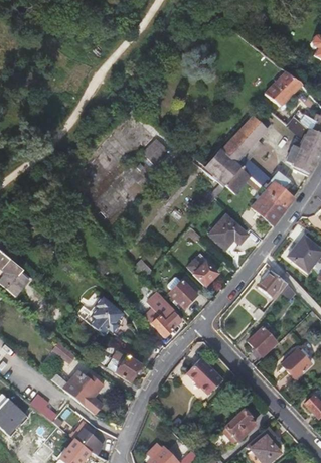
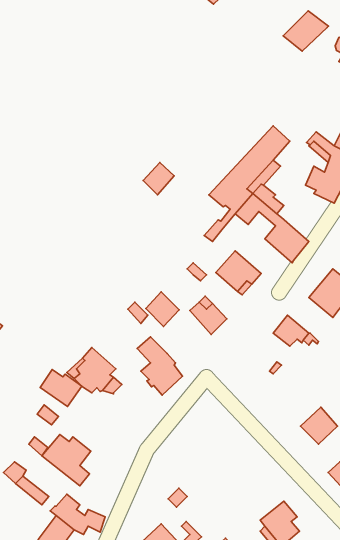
building: [265,70,303,105] -> [283,11,328,51]
building: [265,170,295,207] -> none
building: [169,279,197,308] -> [146,292,179,326]
building: [248,326,277,356] -> none
building: [107,351,142,382] -> [40,370,82,407]
building: [186,358,222,395] -> none
building: [213,409,255,449] -> none

